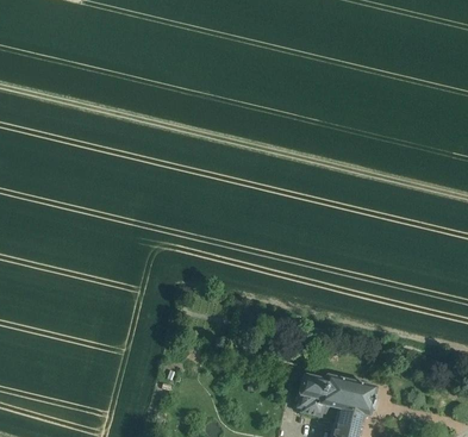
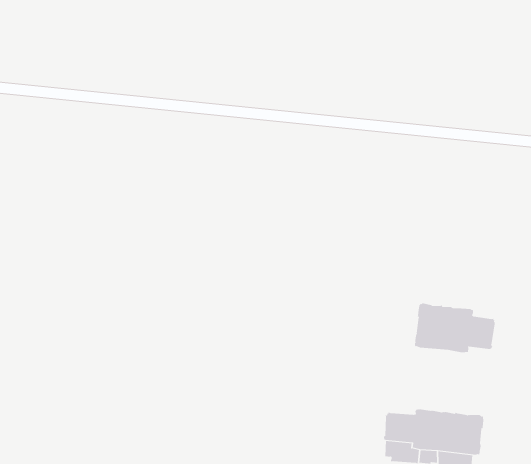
building: none -> [414,302,496,353]

